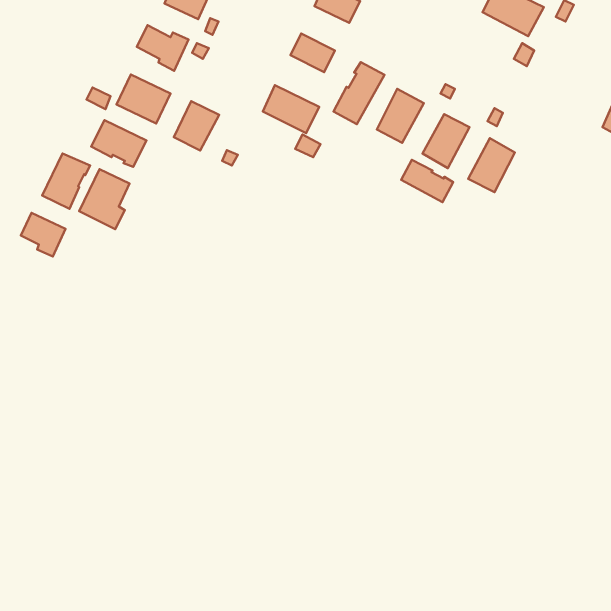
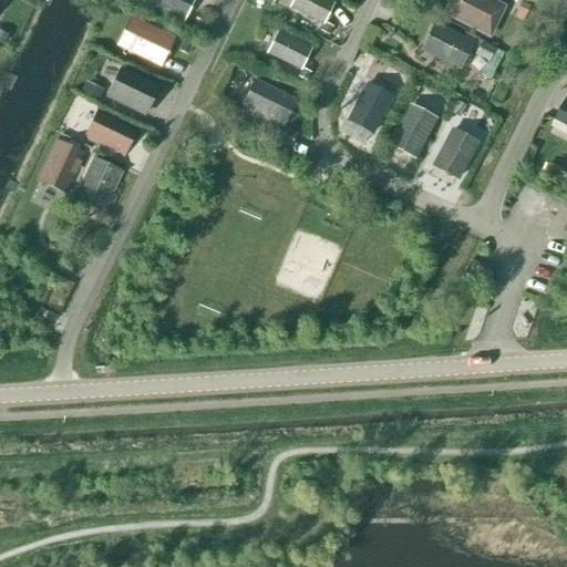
building: none -> [424,23,474,65]
building: [333,62,384,124] -> none
building: [174,101,219,150] -> none
building: [401,160,453,202] -> none
building: [21,213,65,257] -> none

